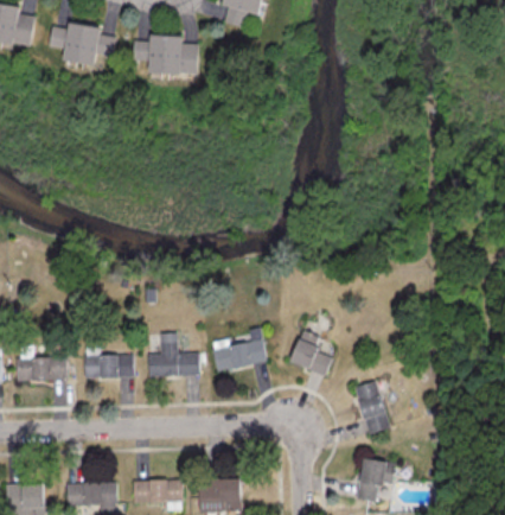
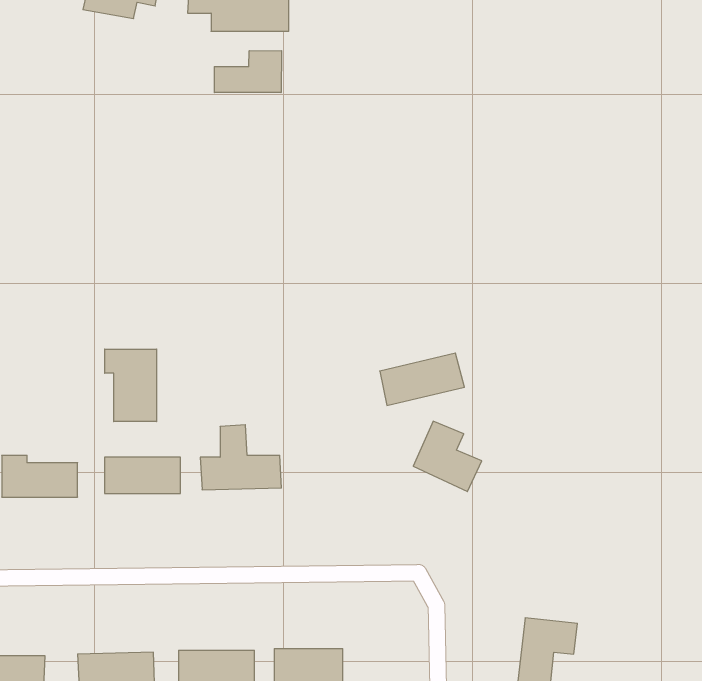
building: none -> [214,51,282,93]
building: none -> [105,349,157,422]
building: [210,337,266,371] -> [380,353,464,405]
building: [352,380,389,434] -> none

